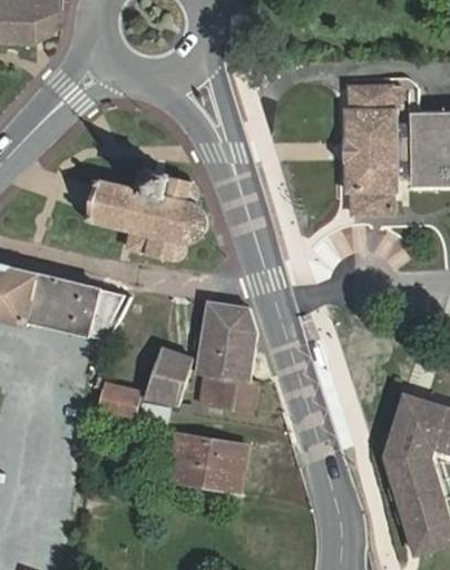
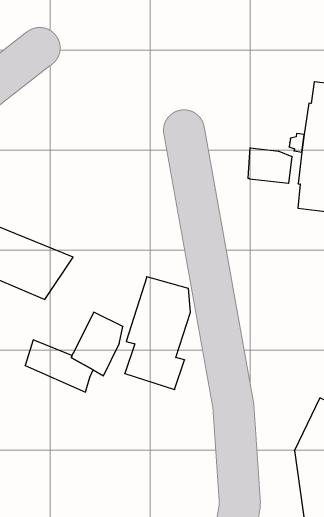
building: none -> [248,148,292,183]
building: [86,171,206,263] -> none
building: [156,434,247,492] -> none

